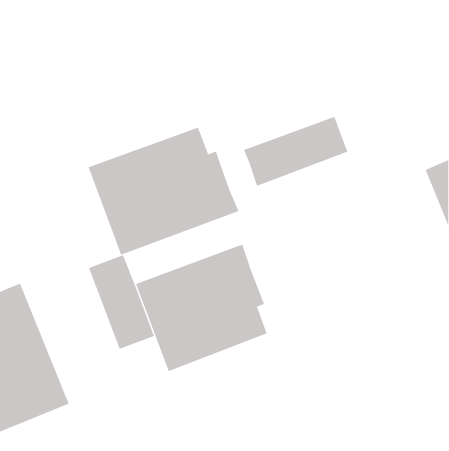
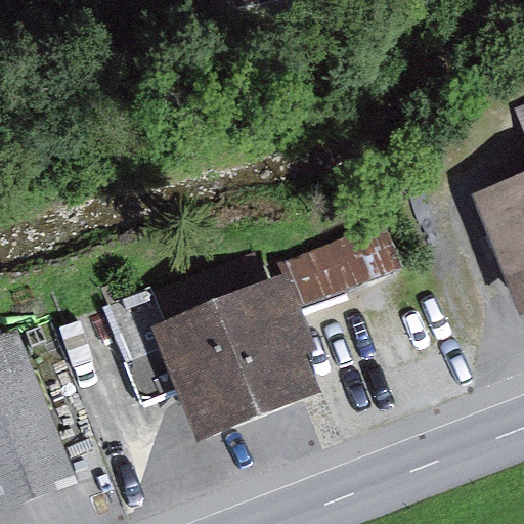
building: [243,116,348,186] -> [273,231,394,312]
building: [88,127,239,255] -> none

